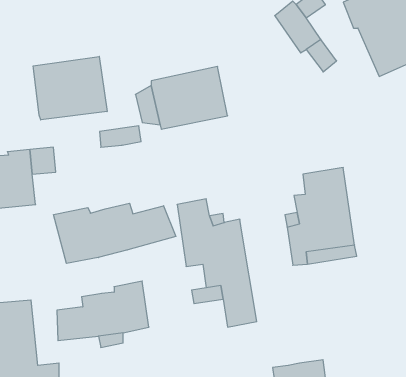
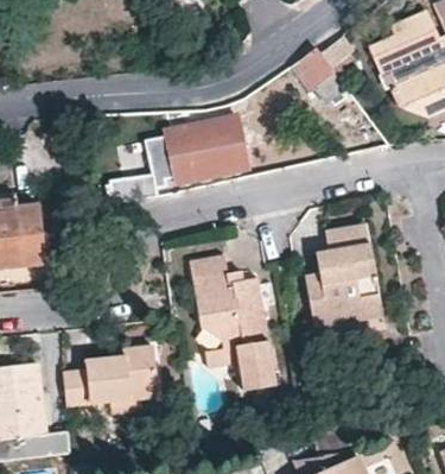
building: [33,56,107,120] -> none
building: [54,203,176,263] -> none

